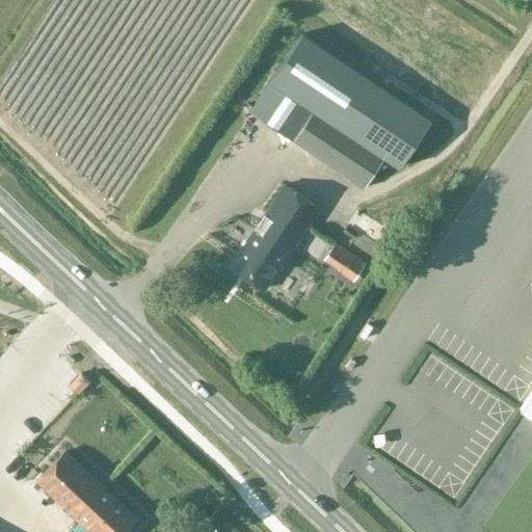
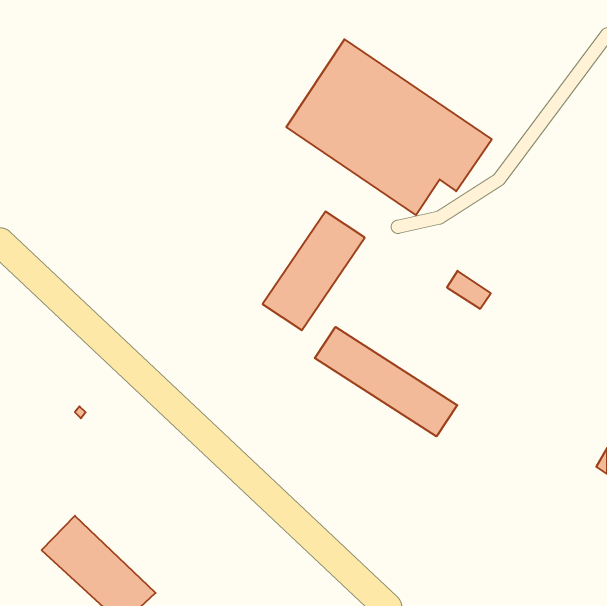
building: [324,246,363,280] -> [447,271,491,309]
building: none -> [315,327,457,436]

